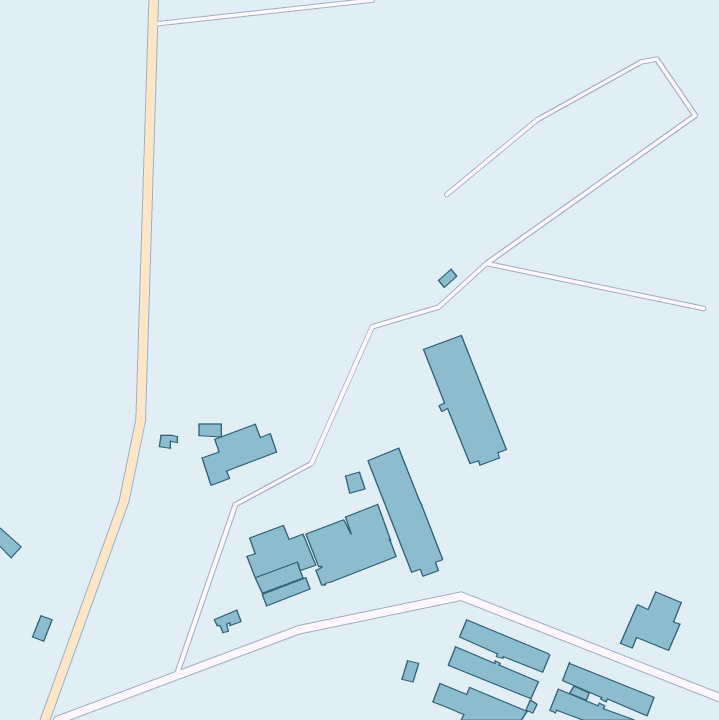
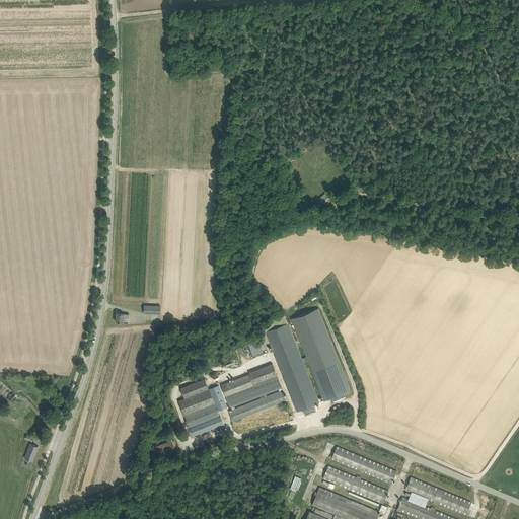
building: [423,335,507,465] -> [290,308,350,401]
building: [202,424,276,485] -> none
building: [621,592,681,650] -> none

